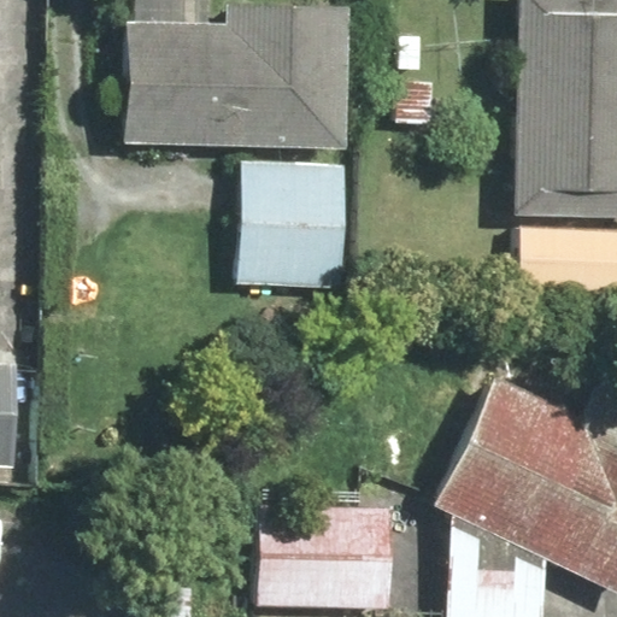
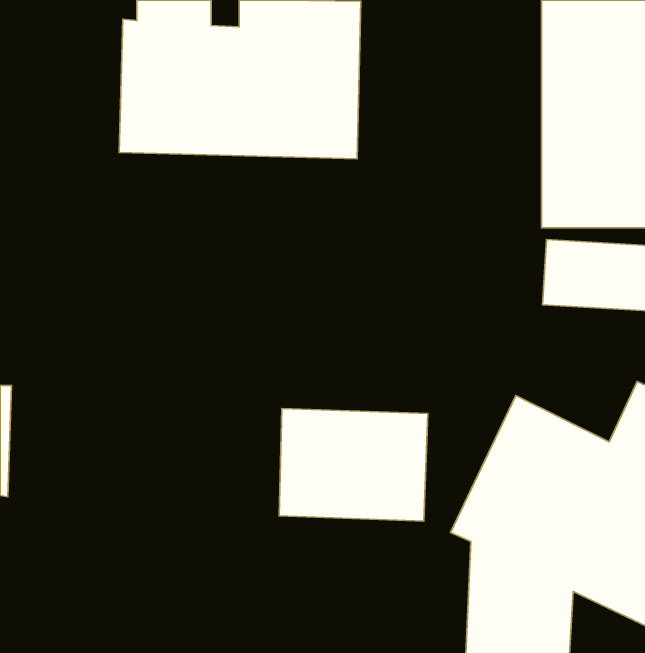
building: [239,160,346,290] -> none
building: [255,504,395,610] -> [279,408,428,521]

